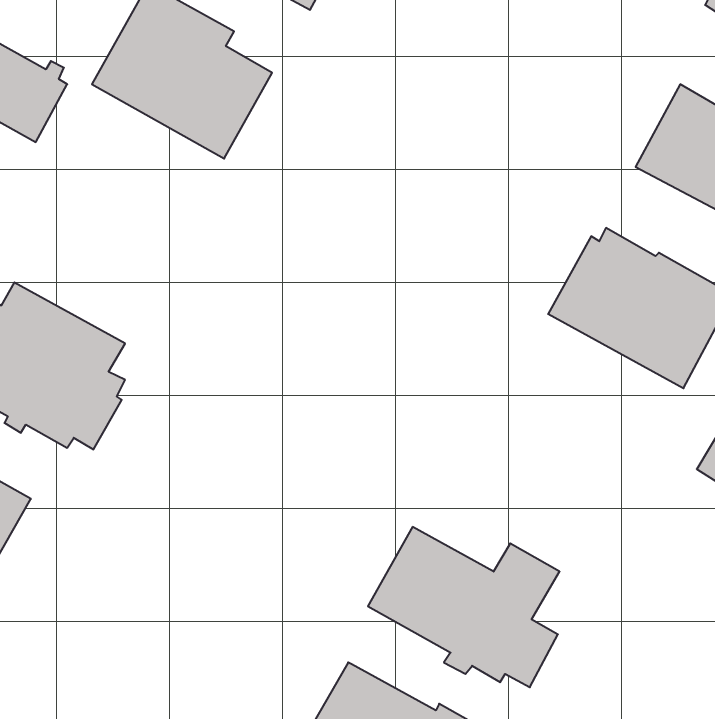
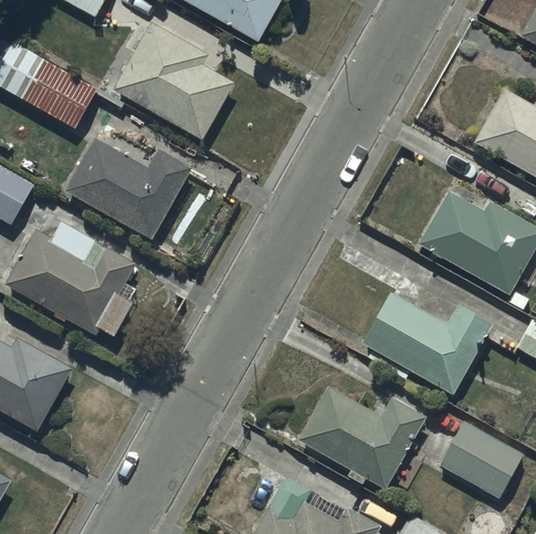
building: none -> [65,138,192,239]
building: none -> [360,291,491,392]
building: none -> [440,422,524,499]

